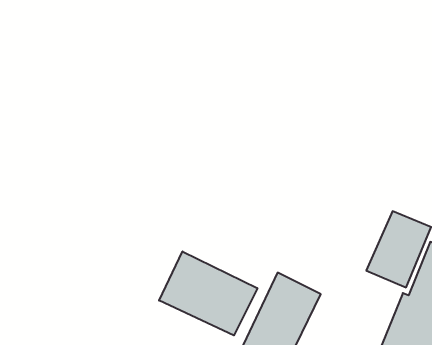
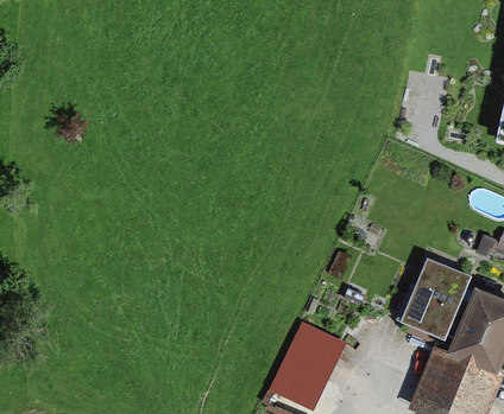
building: [159,251,257,335] -> none

